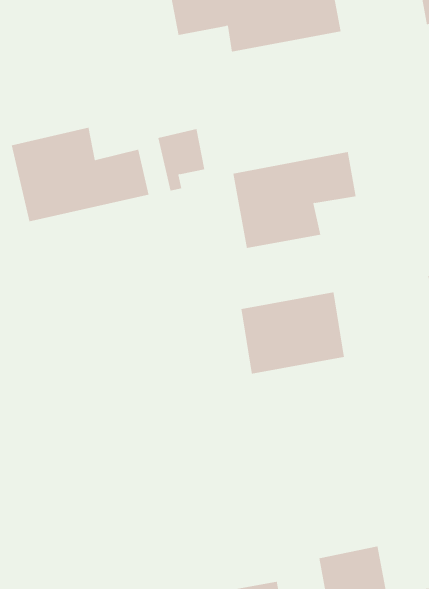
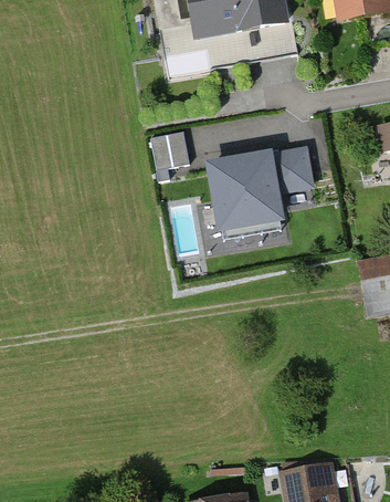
building: [11,127,149,222] -> none
building: [241,291,345,374] -> none

